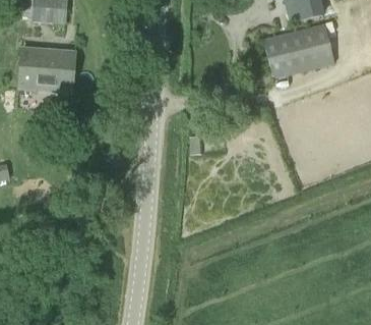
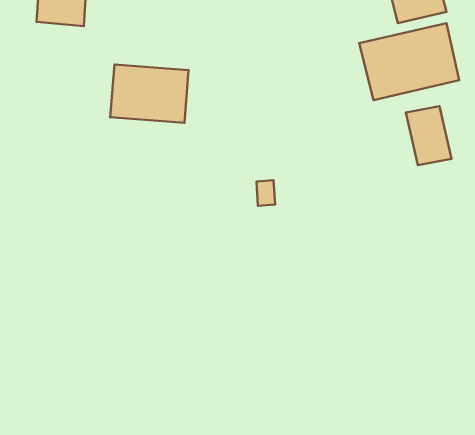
building: [19,47,75,89] -> [110,64,189,123]
building: none -> [406,106,452,165]

